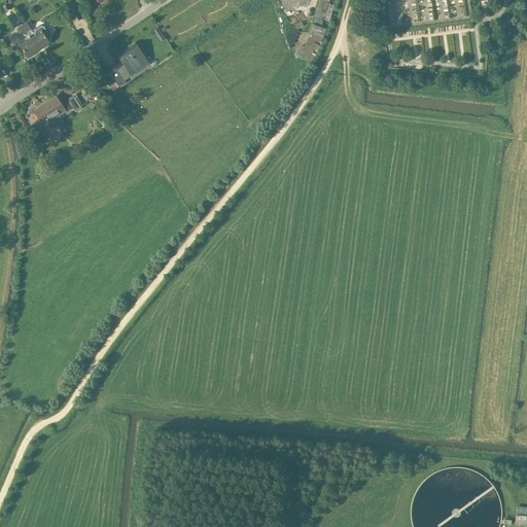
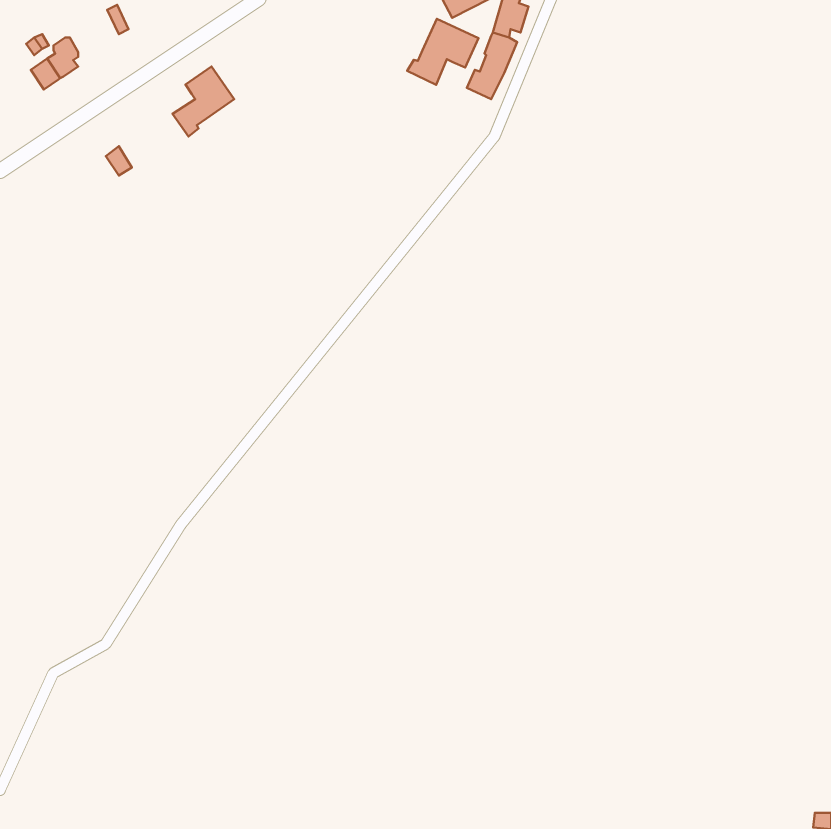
building: none -> [407,19,478,85]
building: [33,95,66,131] -> none

